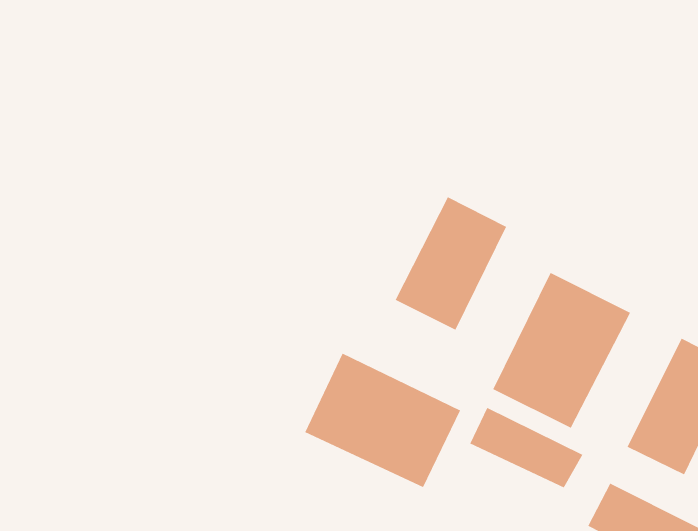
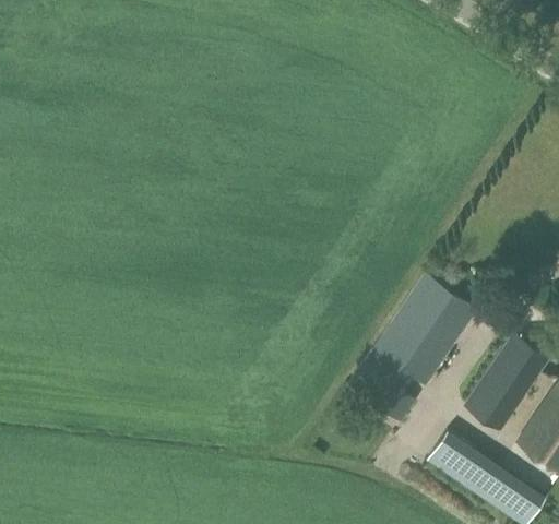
building: [395,196,507,331] -> none
building: [304,353,461,488] -> none

